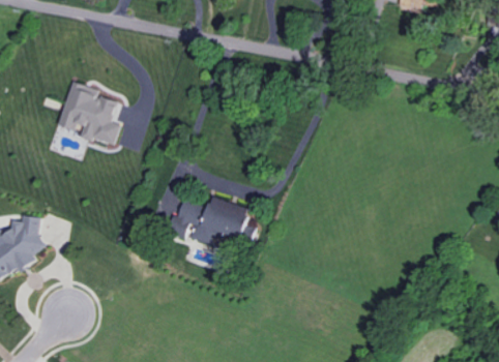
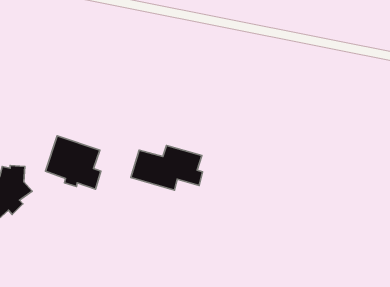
building: [54,83,117,144] -> [46,136,101,189]

